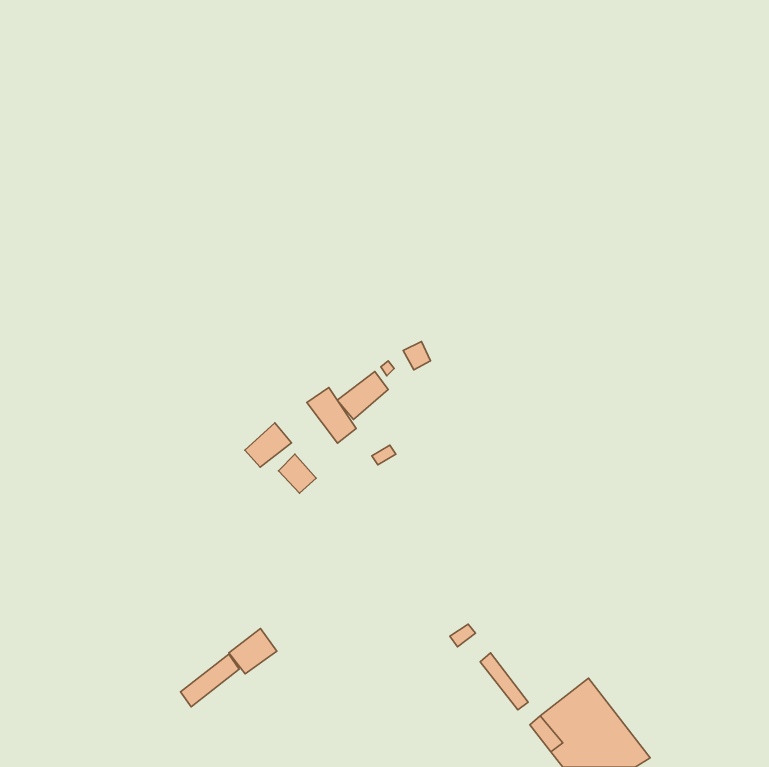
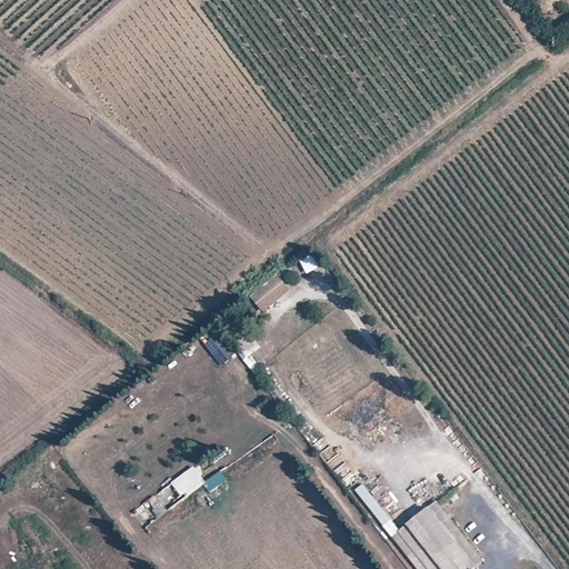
building: [307,388,356,443] -> none
building: [245,423,292,467] -> none

